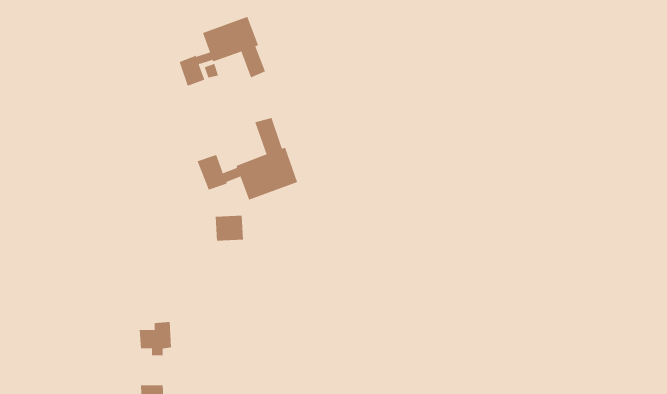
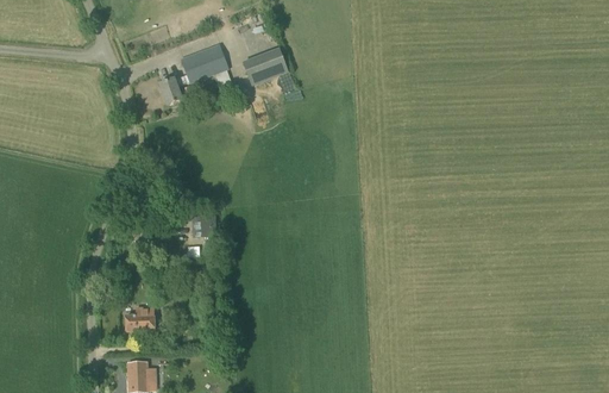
building: none -> [241,46,288,85]
building: [197,117,298,200] -> none

